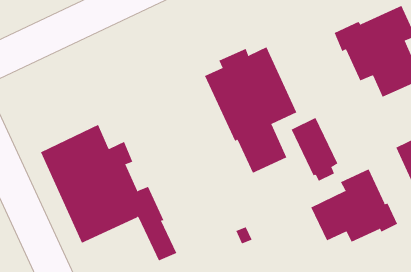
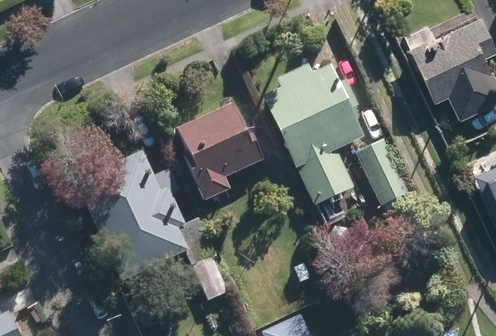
building: none -> [176,100,291,200]
building: [310,168,398,243] -> none

